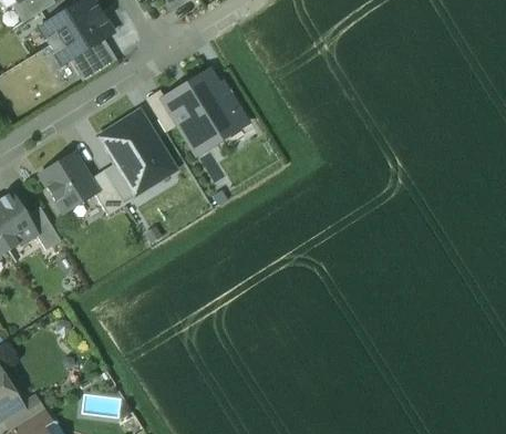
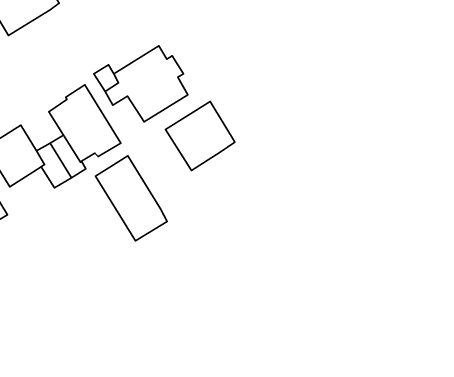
building: [69,38,117,81] -> none
building: none -> [166,102,235,171]
building: none -> [96,156,167,241]

